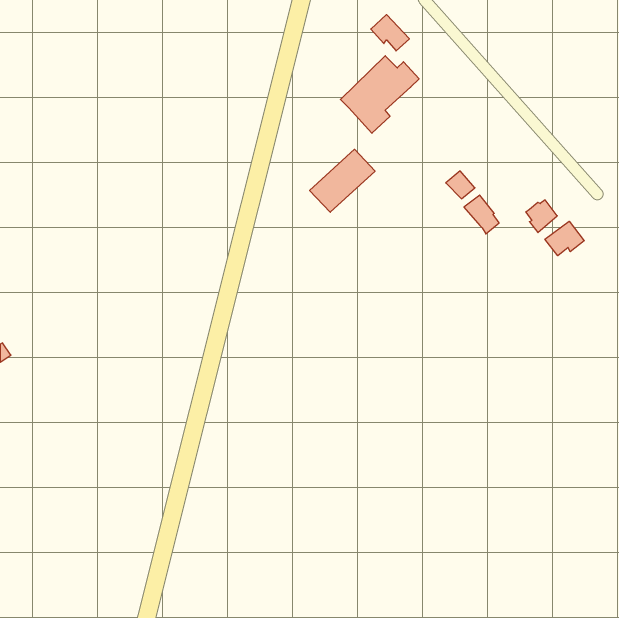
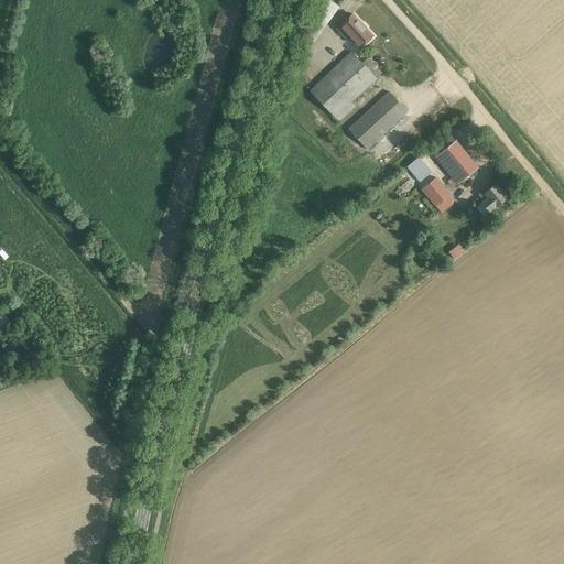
building: [310,149,375,212] -> [348,90,408,148]
building: none -> [435,139,477,185]
building: [545,221,584,256] -> none

